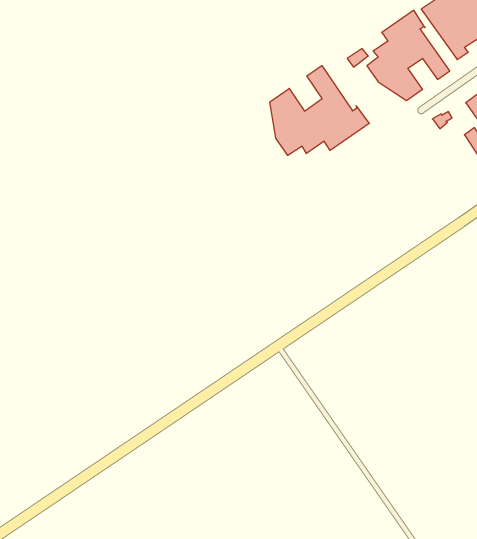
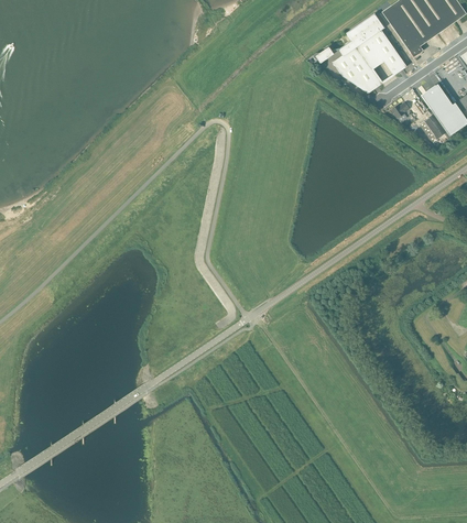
building: [270,66,369,155] -> none

